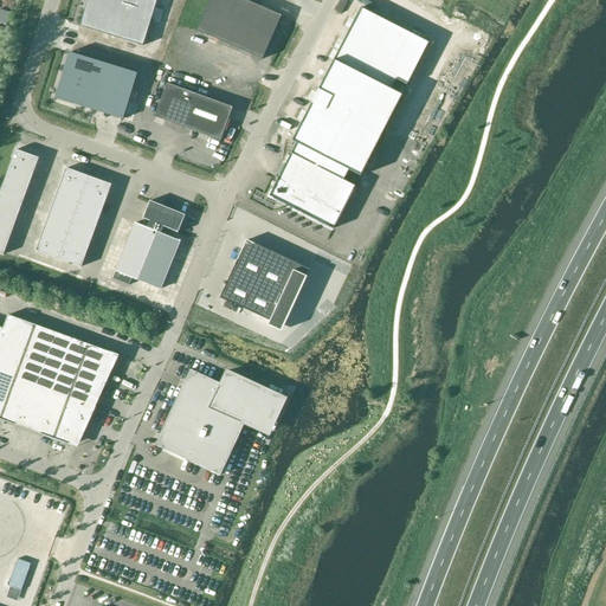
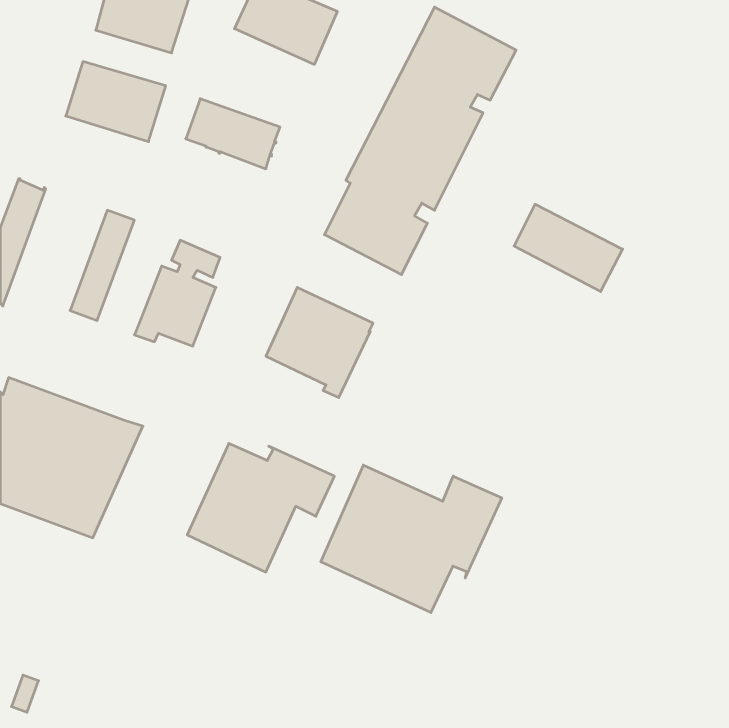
building: [37,166,90,257] -> none
building: none -> [514,204,623,292]
building: none -> [321,465,502,613]

